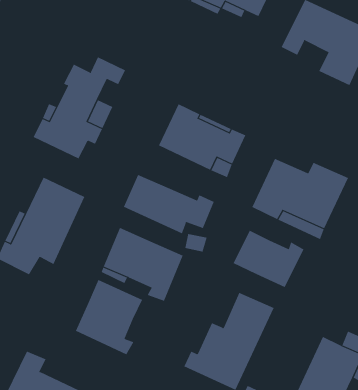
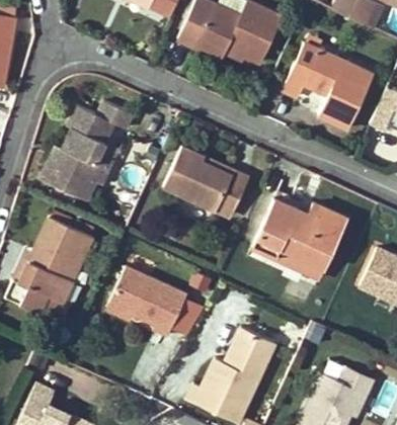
building: [123,174,215,234] -> none
building: [233,230,304,288] -> none
building: [75,279,143,355] -> none

